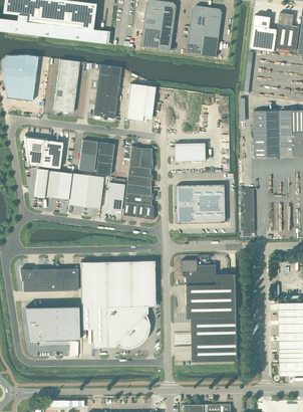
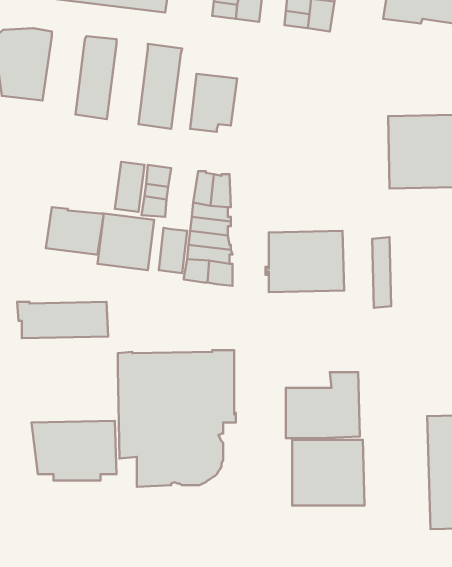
building: [23,137,63,169] -> none
building: [176,144,206,162] -> none
building: [181,259,217,284] -> none
building: [20,268,78,291] -> [17,302,108,338]

